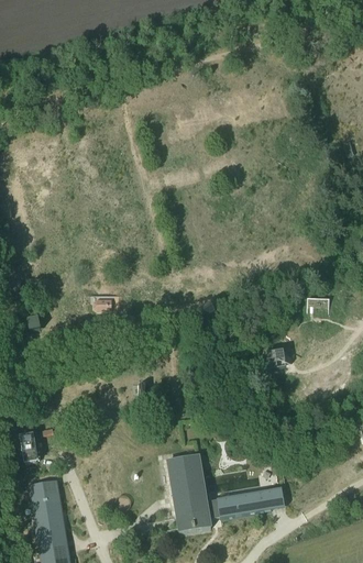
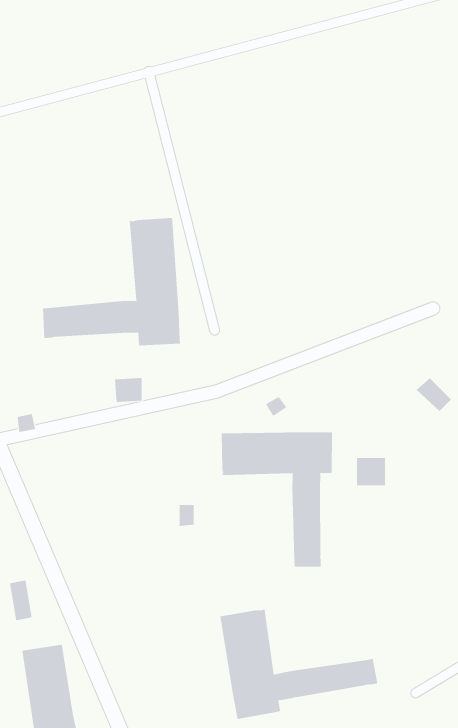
building: none -> [42,217,181,346]
building: none -> [221,431,332,568]

